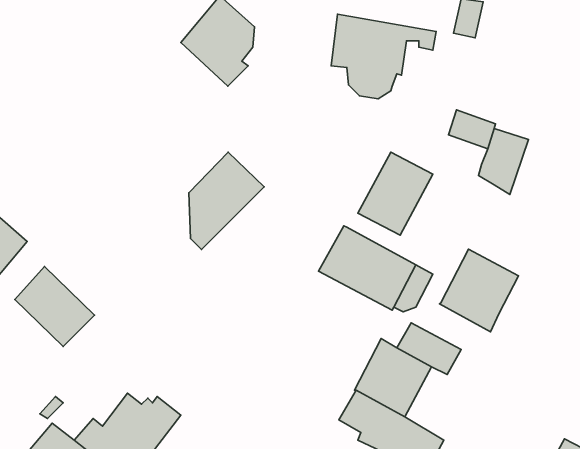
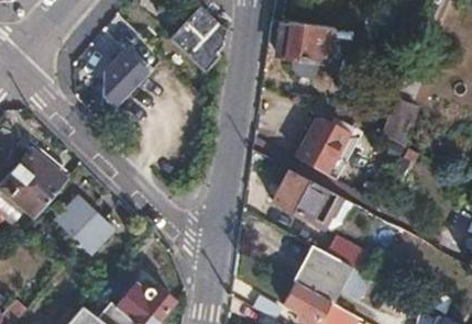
building: [189,152,264,249] -> [101,44,154,112]
building: [439,249,519,332] -> none

